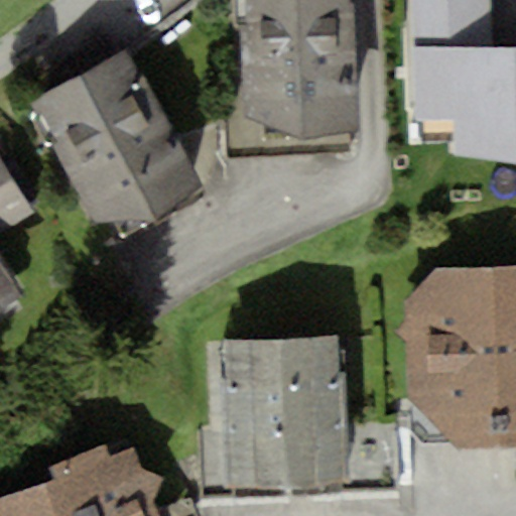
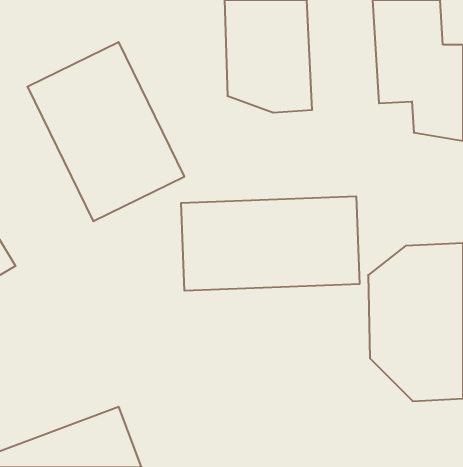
building: none -> [181,196,359,291]
building: [228,337,346,497] -> none

